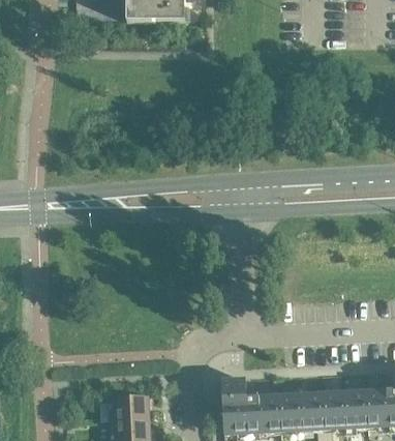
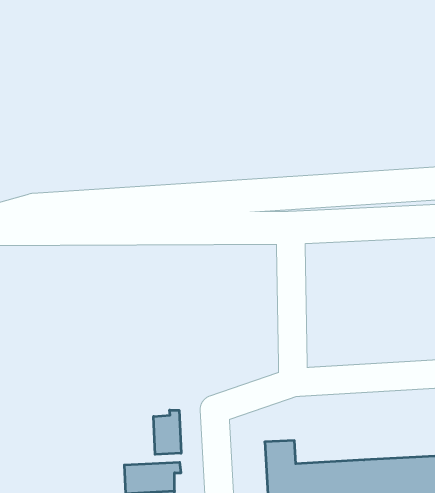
building: none -> [154,410,181,454]

